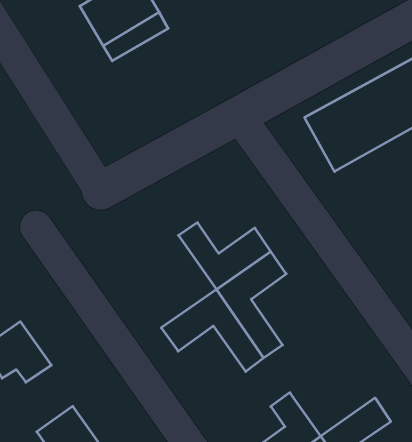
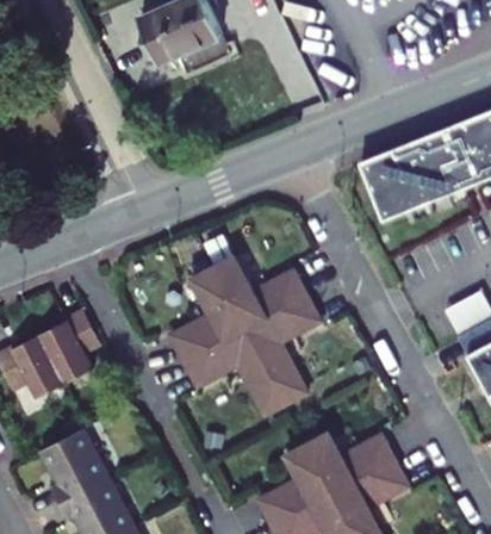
building: none -> [170,267,246,360]
building: none -> [39,308,101,384]
building: none -> [307,433,394,492]

